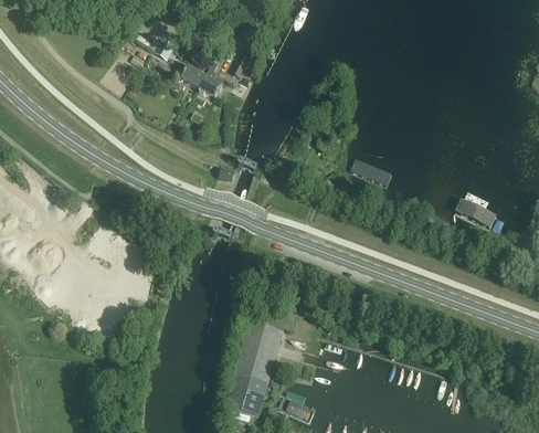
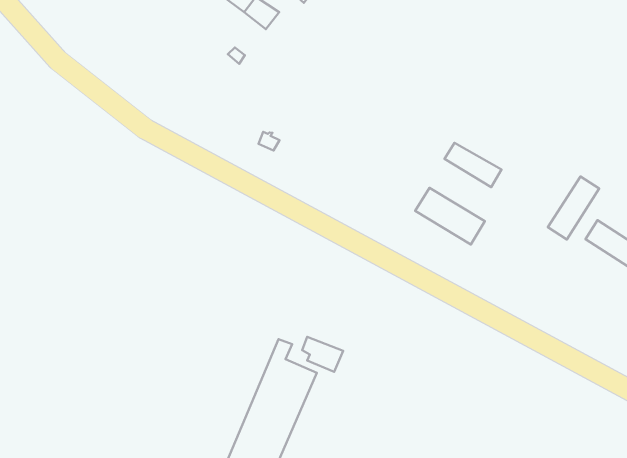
building: none -> [548,176,599,239]
building: none -> [415,188,485,244]

